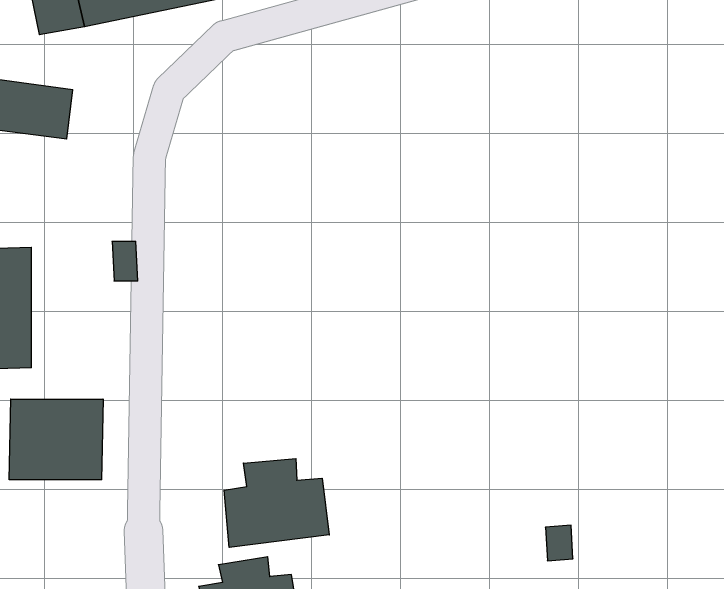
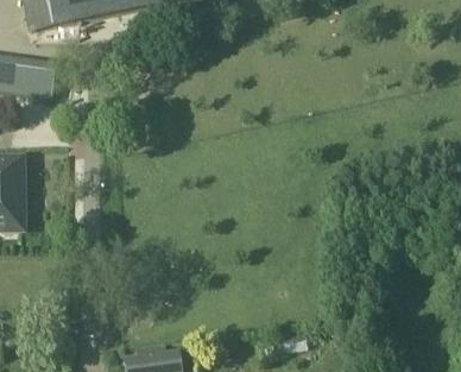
building: [9,399,103,480] -> none
building: [224,459,329,547] -> none

